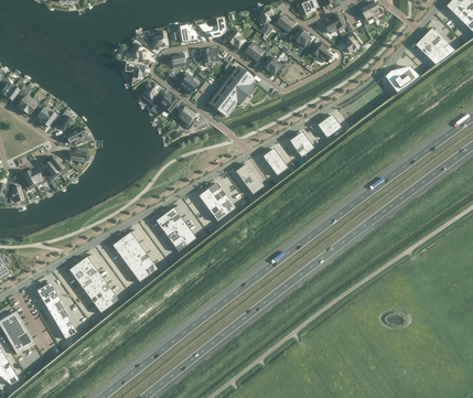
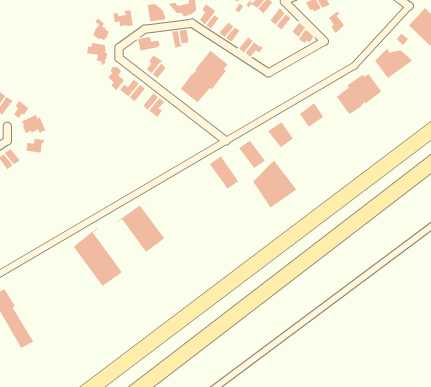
building: none -> [336,73,382,115]
building: none -> [253,160,297,208]
building: [197,182,234,219] -> none
building: [64,256,118,312] -> none

